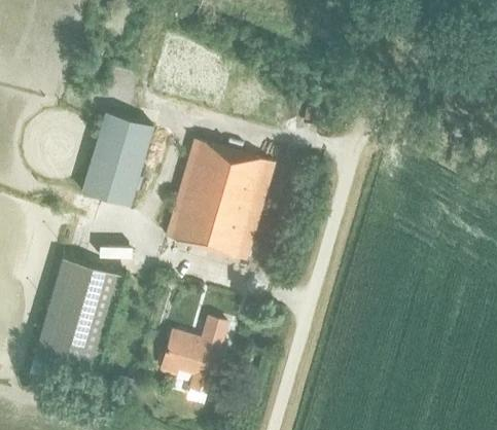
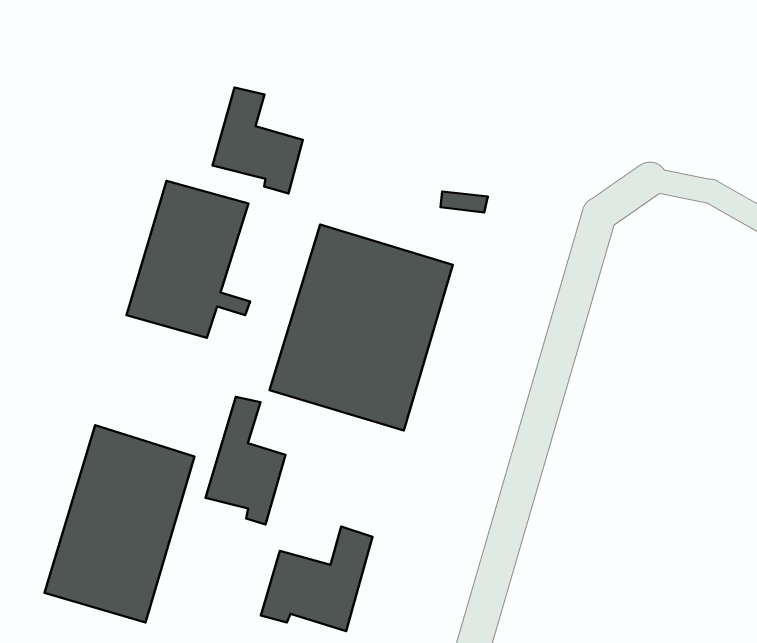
building: none -> [212,88,303,194]
building: none -> [205,397,286,525]

